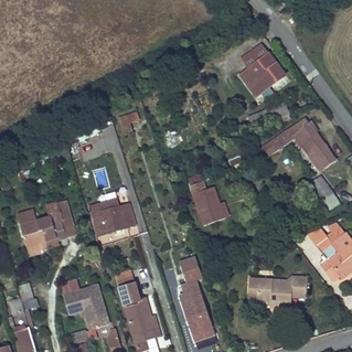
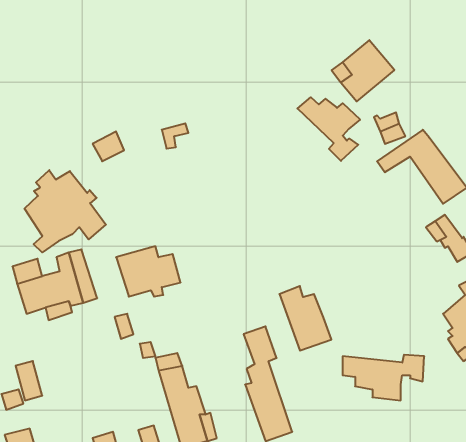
building: none -> [297,97,360,161]
building: none -> [25,170,106,252]
building: [189,178,225,223] -> [279,286,331,351]
building: [61,284,107,329] -> none

